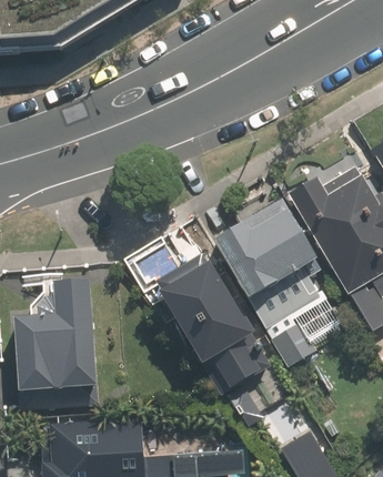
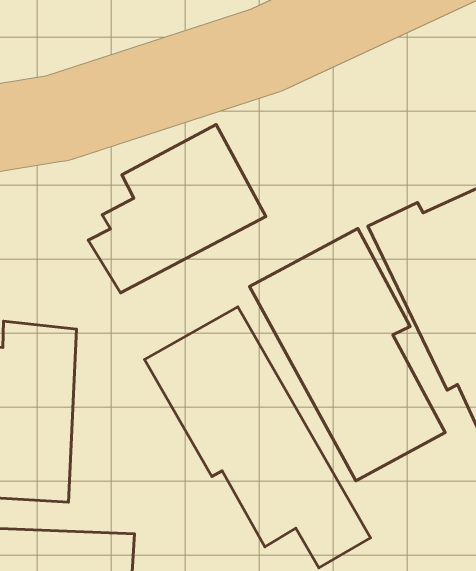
building: none -> [88,124,266,293]

